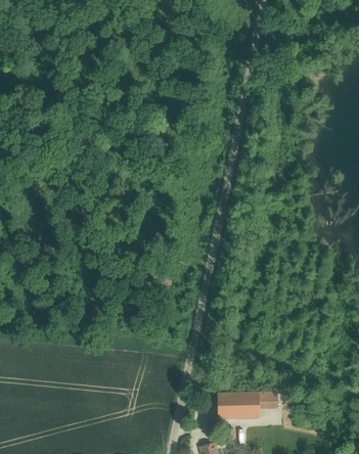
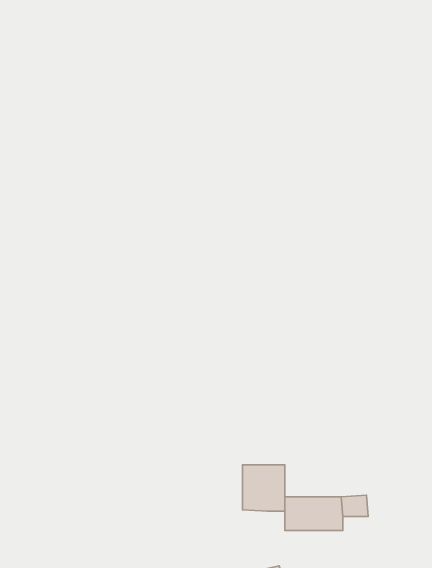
building: none -> [243,465,285,511]

